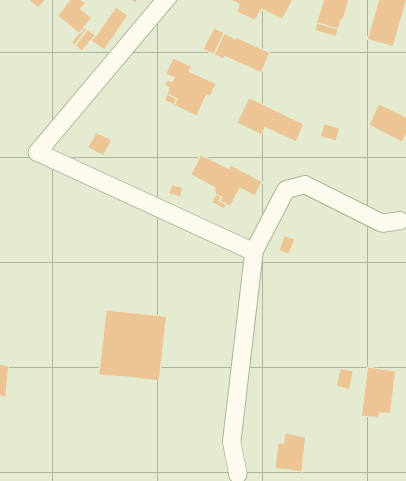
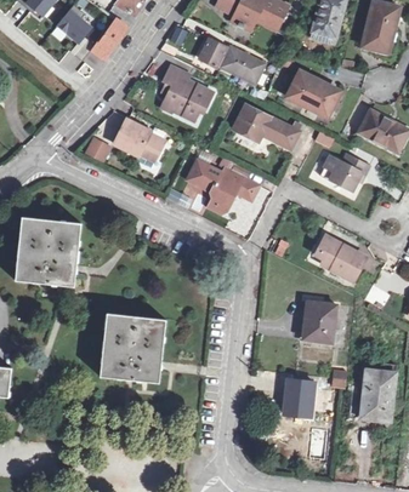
building: none -> [289,73,339,116]
building: none -> [117,119,166,160]
building: none -> [319,155,368,191]
building: none -> [15,216,81,285]
building: none -> [317,236,365,281]
building: none -> [297,301,331,339]
building: [275,433,306,472] -> [279,378,309,416]

